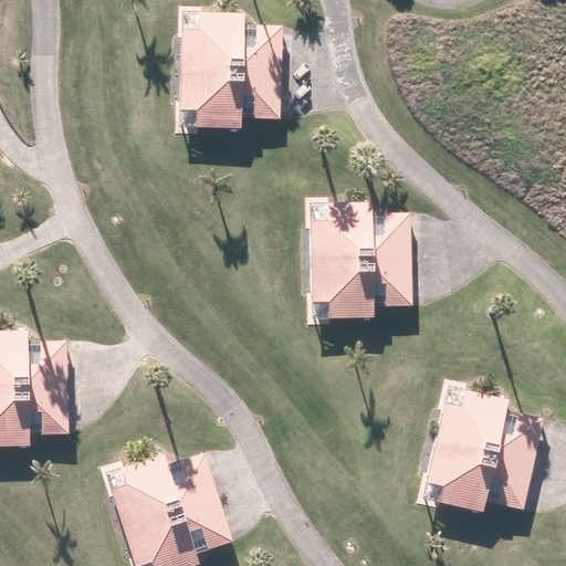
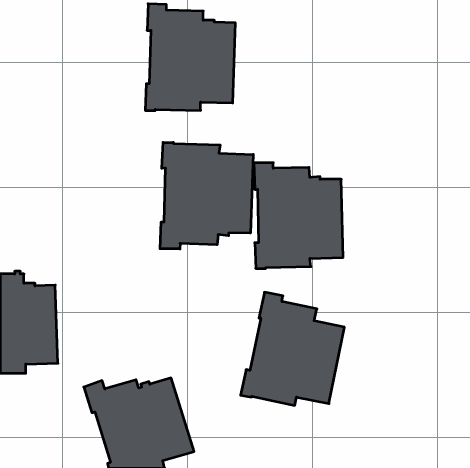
building: none -> [160,142,253,249]
building: [417,378,542,514] -> [241,292,344,405]

